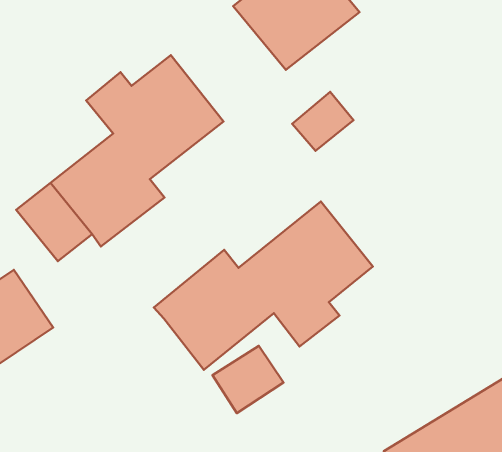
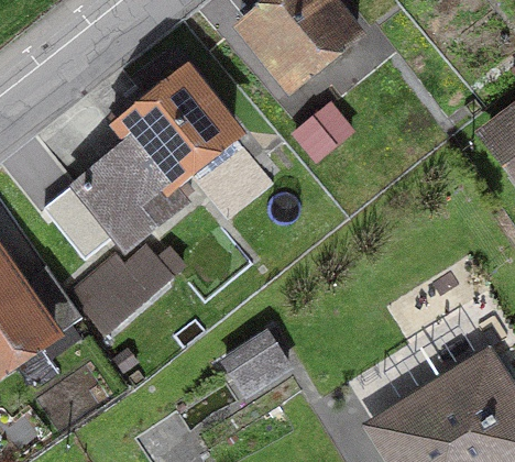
building: [154,201,373,370] -> none
building: none -> [73,251,167,332]

